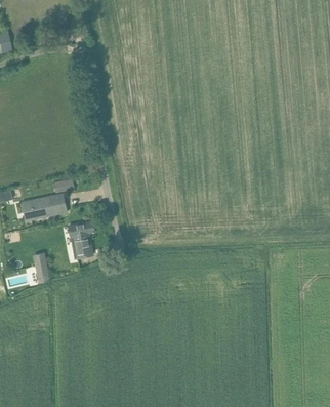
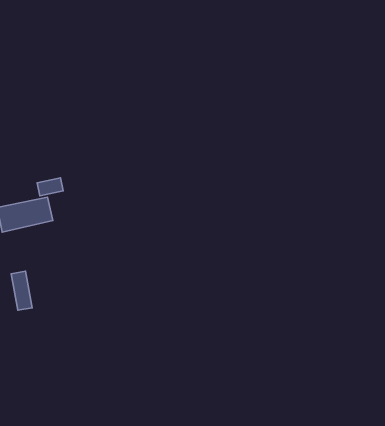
building: [69,220,94,258] -> none

